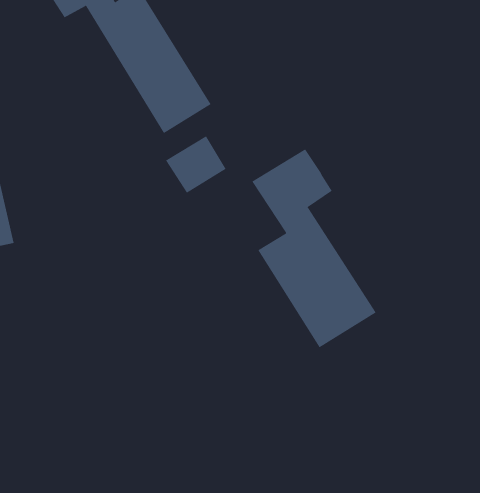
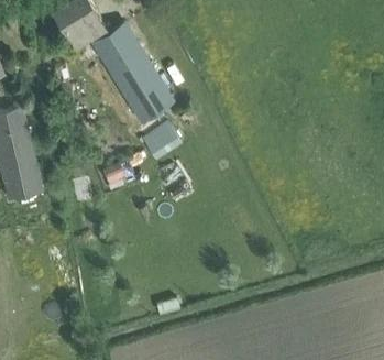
building: [252,149,377,348] -> none

